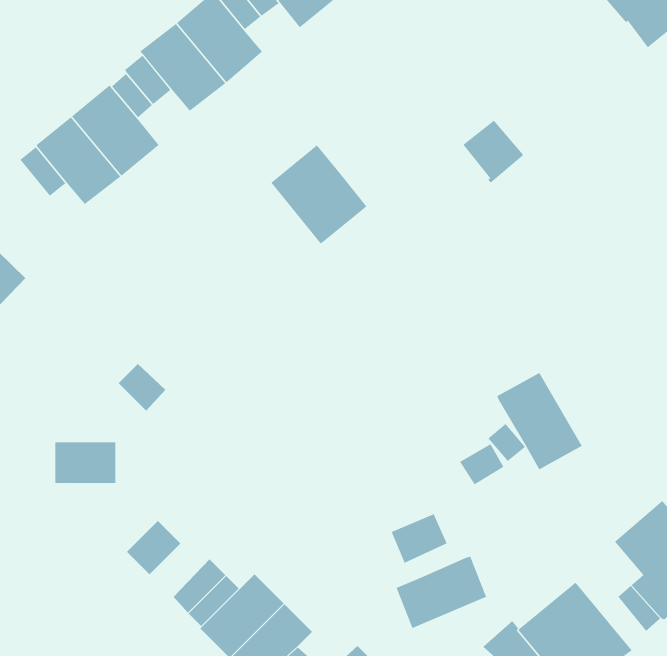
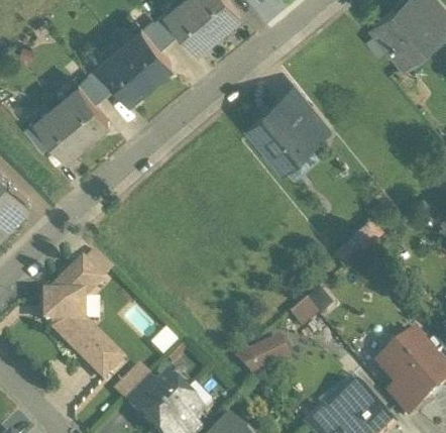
building: [270,144,367,244] -> [251,102,310,163]
building: [496,372,582,470] -> none
building: none -> [54,262,102,300]
building: none -> [54,322,109,365]
building: [396,556,487,629] -> none

